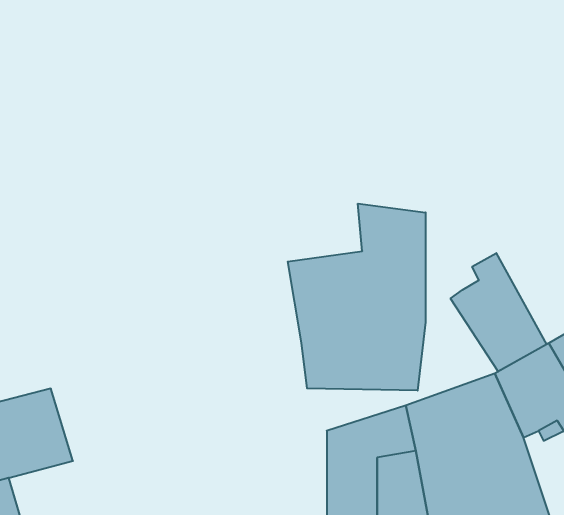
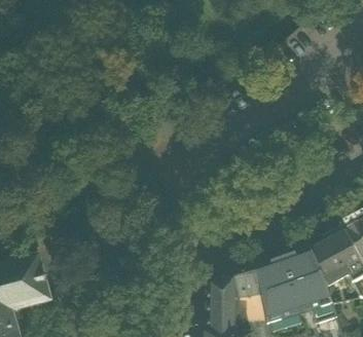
building: [288,204,426,391] -> none
building: [451,253,546,372] -> none

